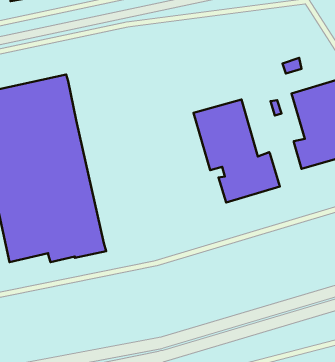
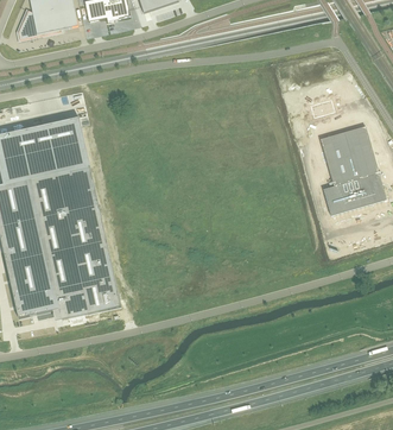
building: [193,99,280,202] -> none

